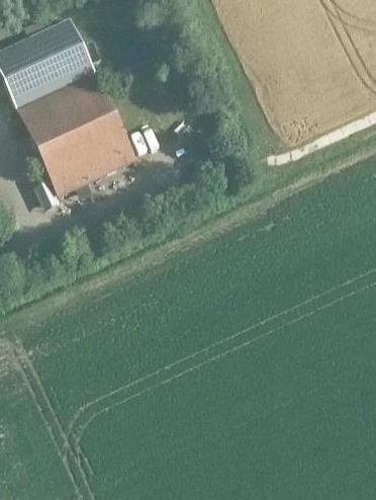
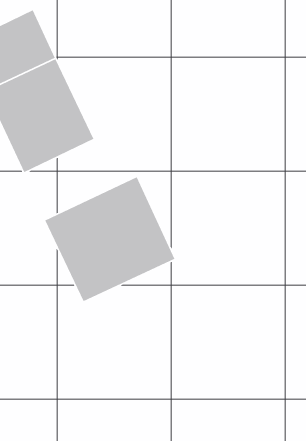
building: none -> [44,176,176,302]

